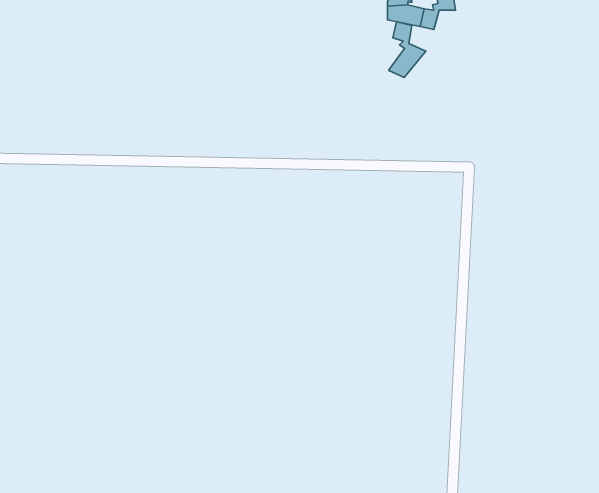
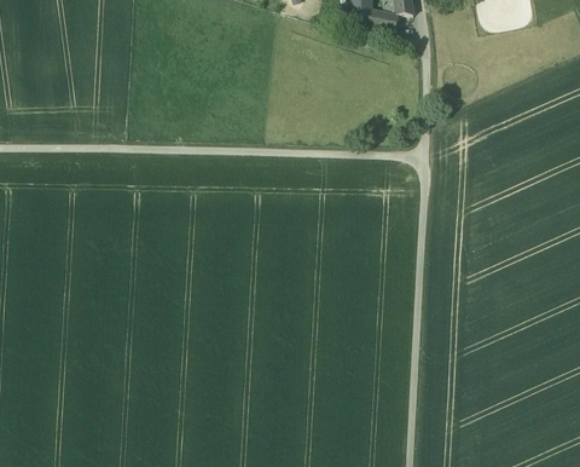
building: [389,22,426,77] -> none

